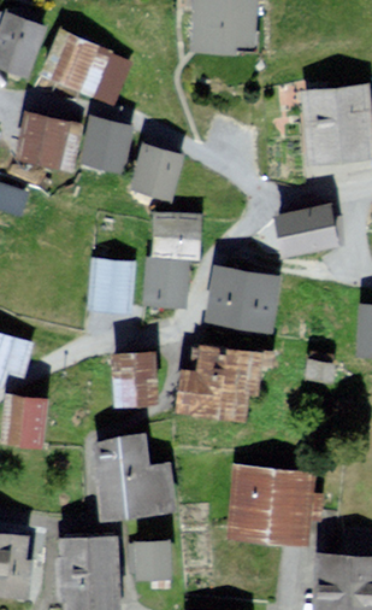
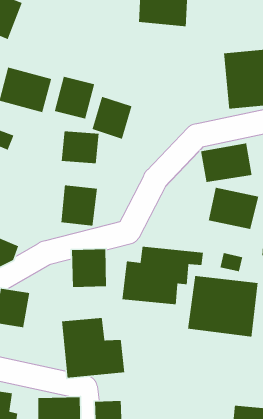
building: [39,28,129,101] -> none
building: [152,217,202,262] -> [61,130,99,164]
building: [148,265,185,304] -> none
building: [213,274,281,330] -> [208,187,259,230]
building: [222,459,315,541] -> [187,275,259,337]

